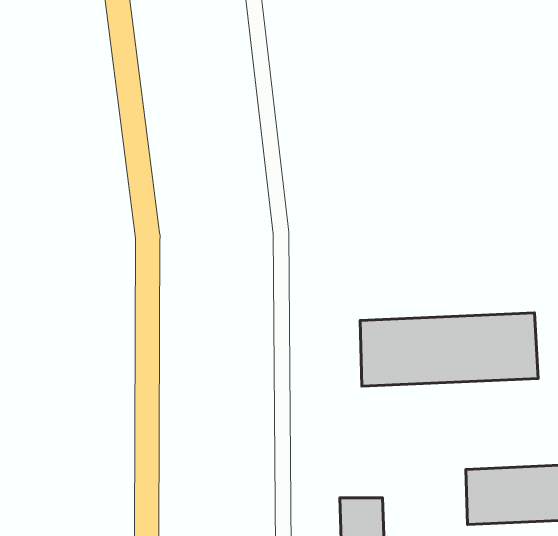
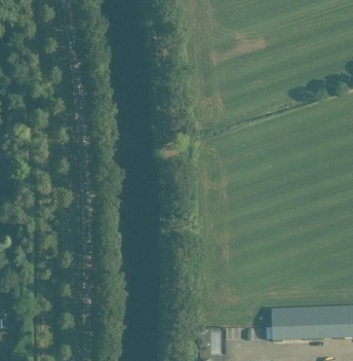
building: [360,313,538,386] -> none

